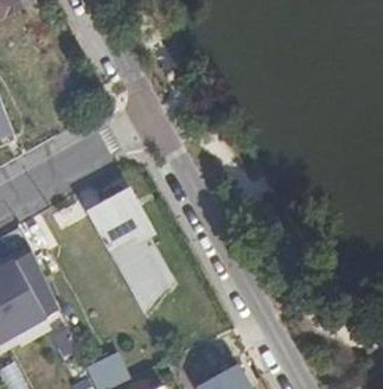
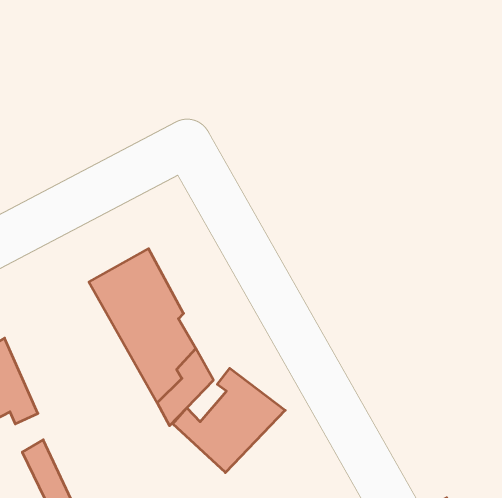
building: none -> [173,368,285,473]

